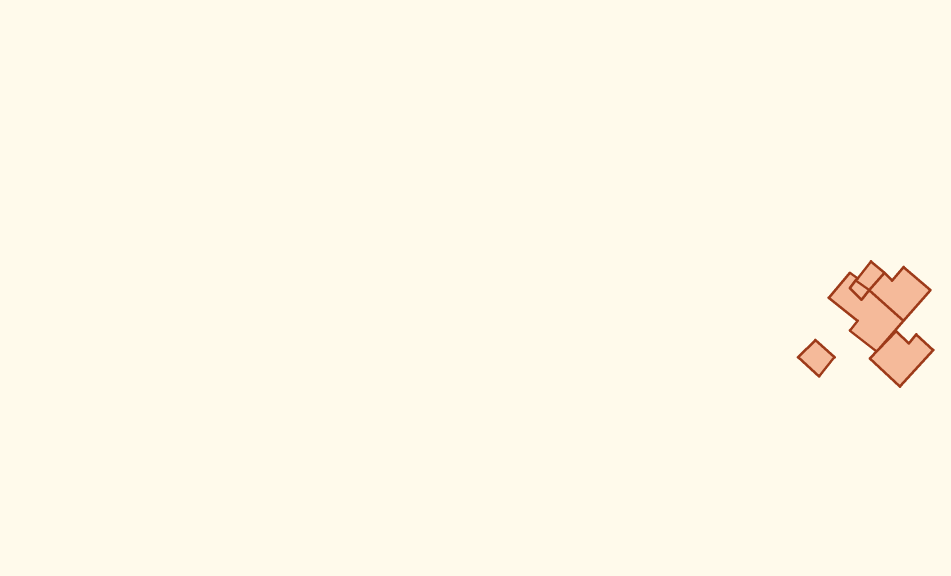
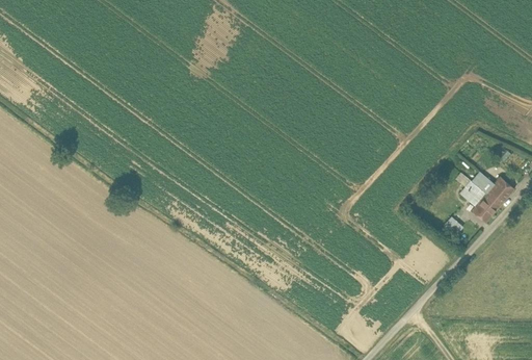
building: [870,331,933,387] -> none

